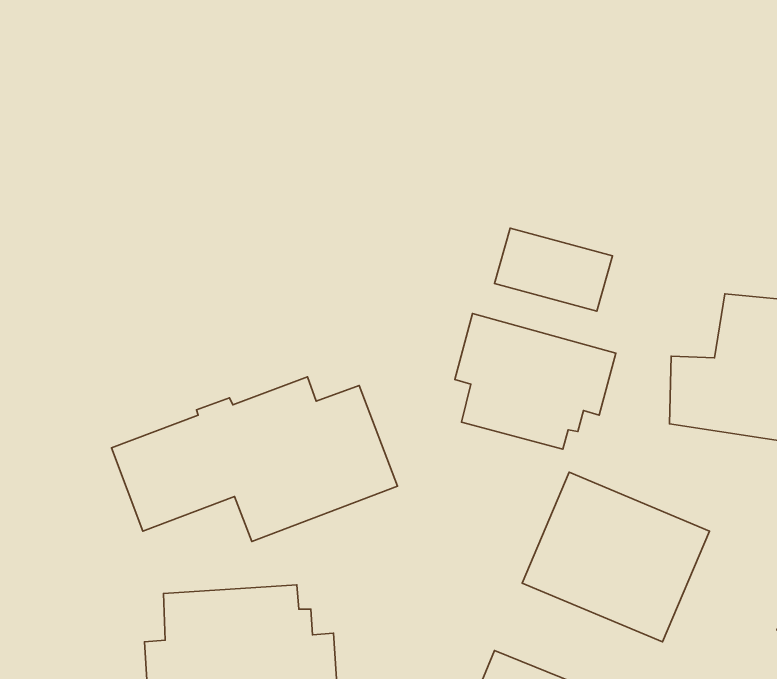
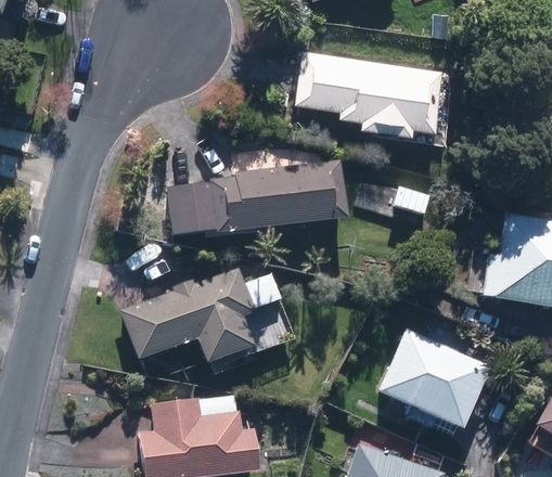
building: none -> [296,50,442,133]
building: none -> [165,160,350,240]
building: [455,314,616,449] -> none

